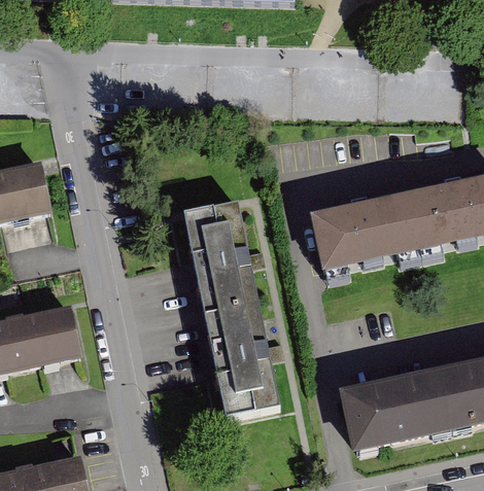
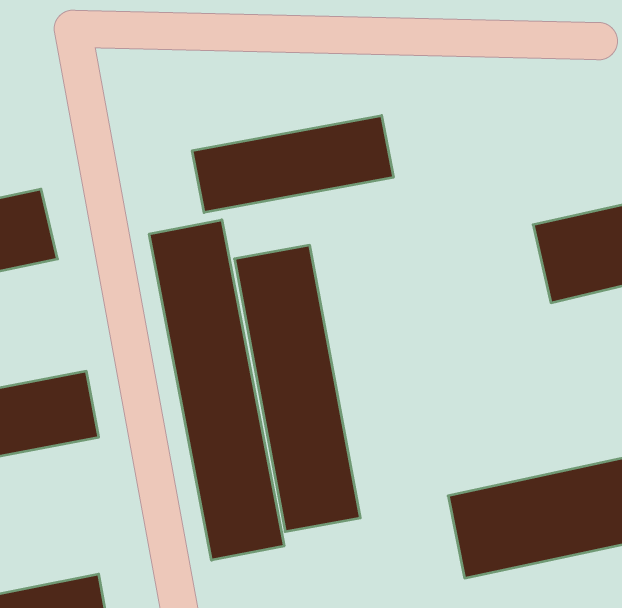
building: none -> [192,115,393,213]
building: none -> [149,220,284,560]
building: [311,188,422,268] -> none

